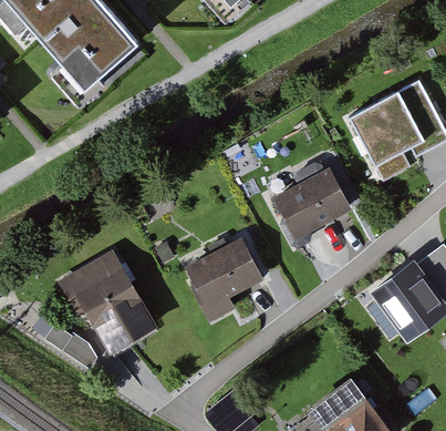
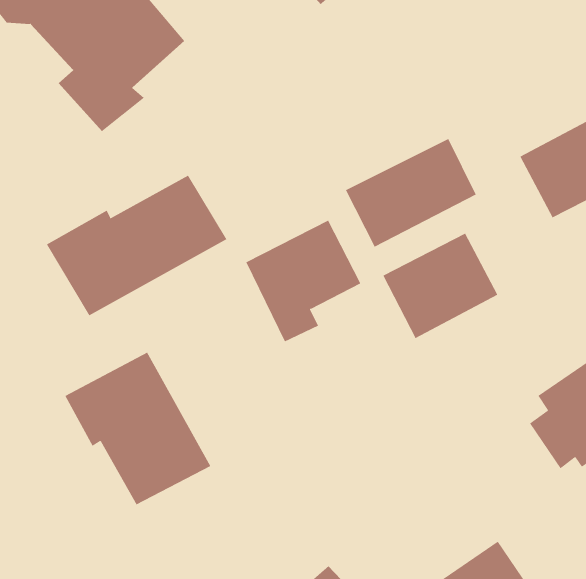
building: none -> [345,138,476,247]
building: none -> [46,175,227,316]
building: [183,239,261,322] -> [245,220,361,342]

